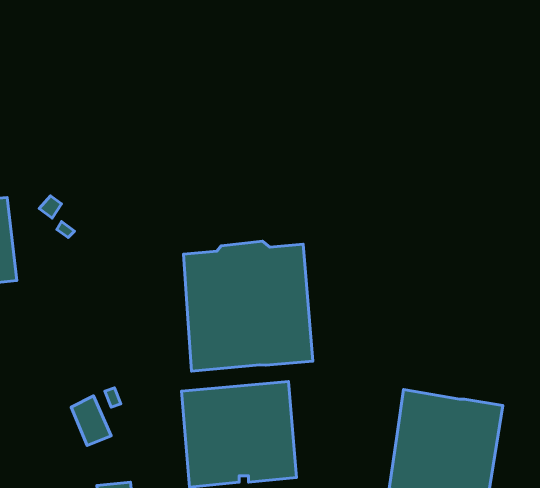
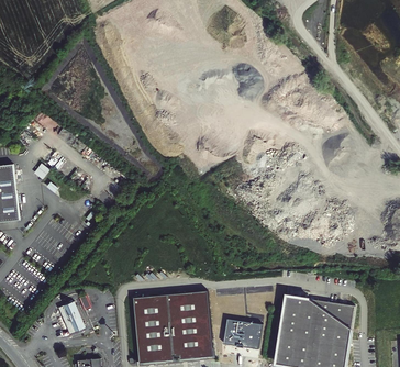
building: [184,241,313,371] -> none
building: none -> [221,319,260,349]

